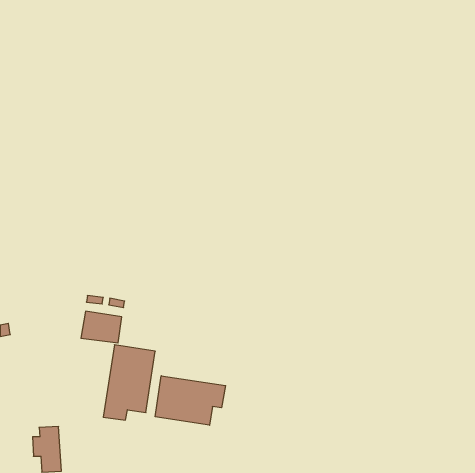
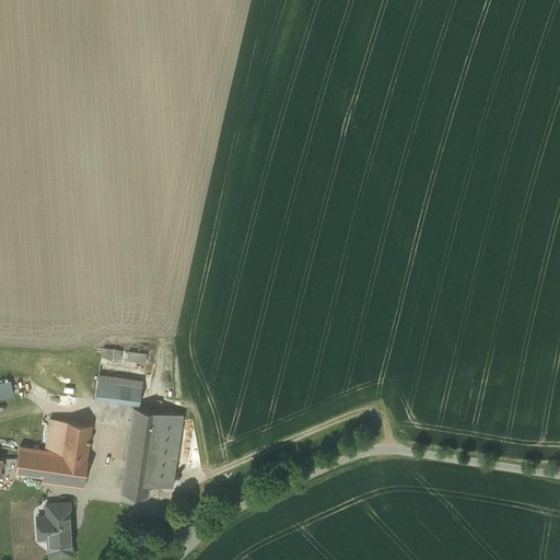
building: none -> [15,419,92,488]
building: [155,376,226,425] -> none

